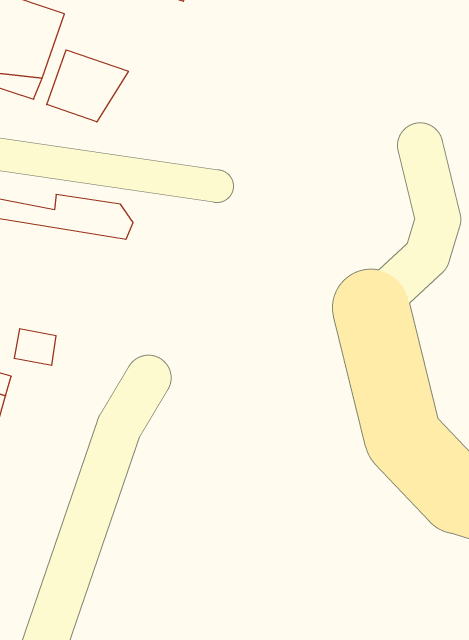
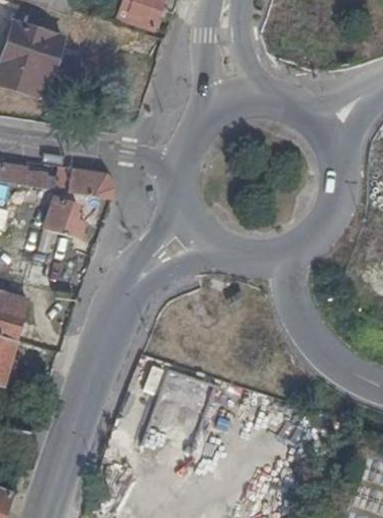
building: [47,50,128,122] -> none
building: none -> [42,195,85,238]

